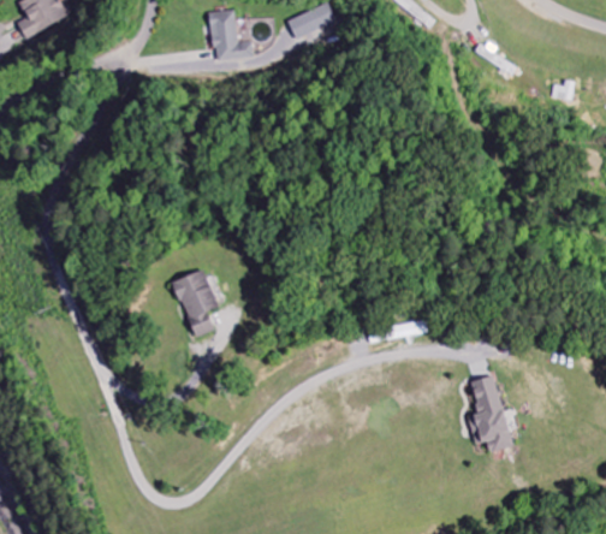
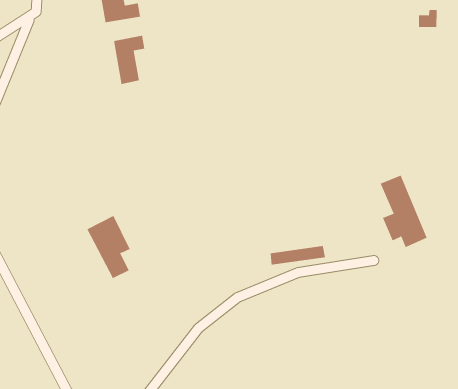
building: none -> [113,35,145,85]
building: [467,373,513,452] -> [380,175,427,248]

